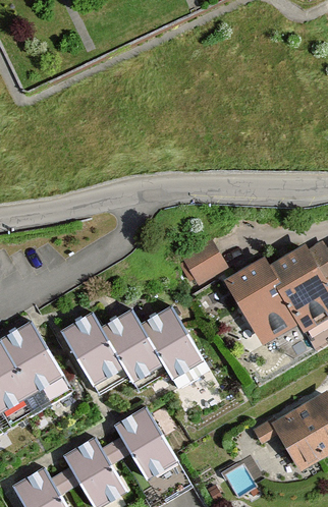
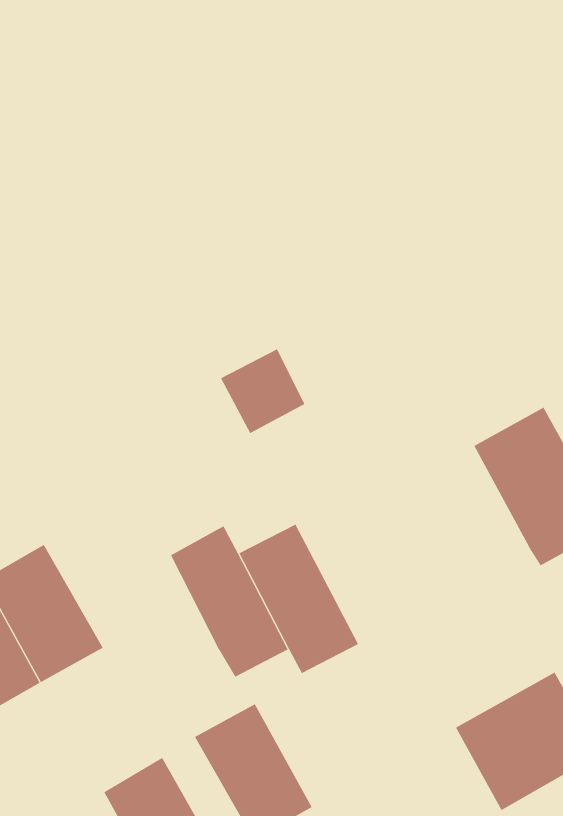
building: [180,237,227,284] -> [220,349,305,434]
building: [223,255,302,345] -> none
building: [64,312,129,394] -> none

